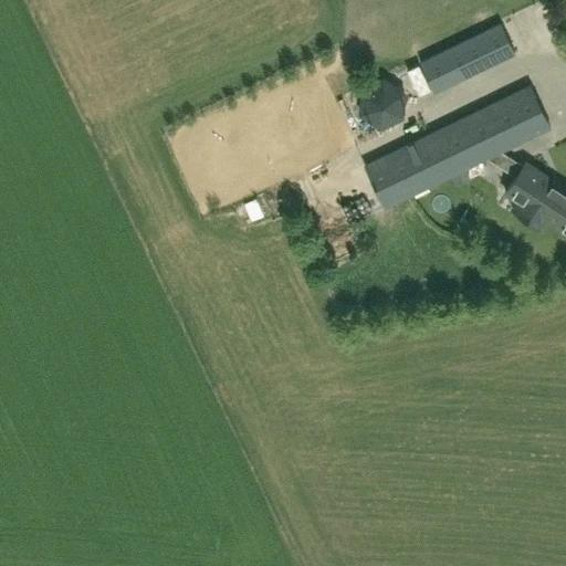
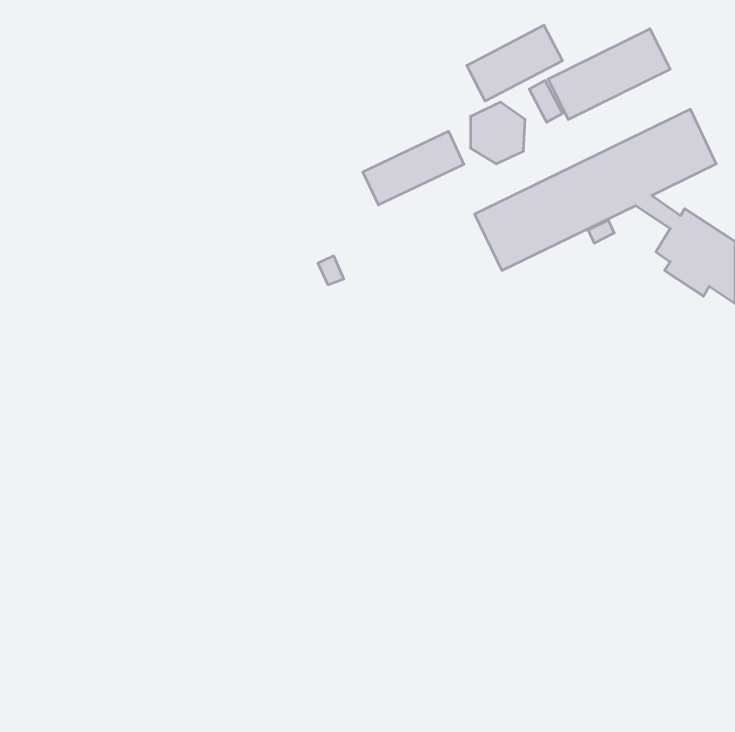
building: none -> [467,25,562,101]
building: none -> [363,131,464,205]

